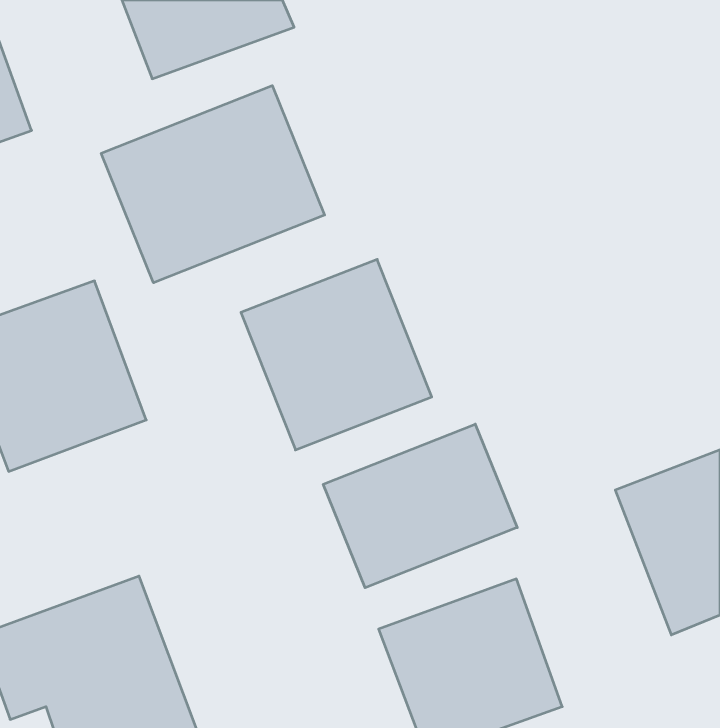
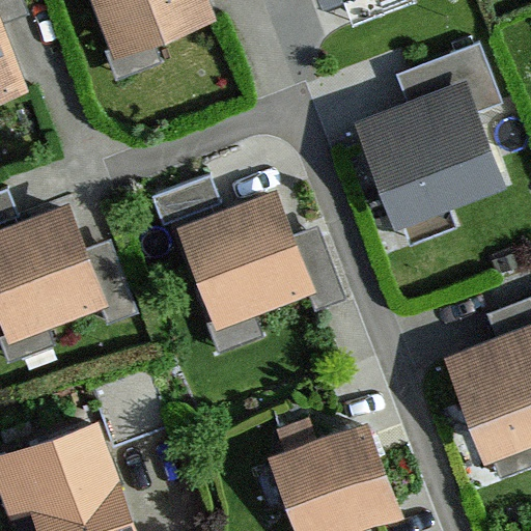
building: [101,86,325,283] -> none
building: none -> [354,77,506,226]
building: [323,424,517,588] -> none

